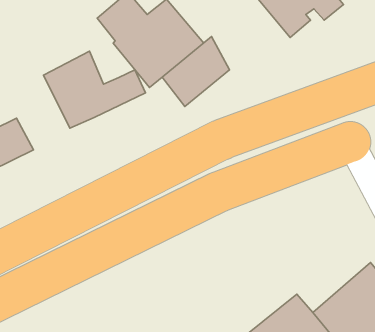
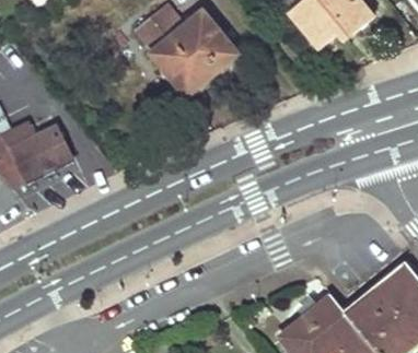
building: [162,37,229,106] -> none
building: [44,51,145,128] -> none

